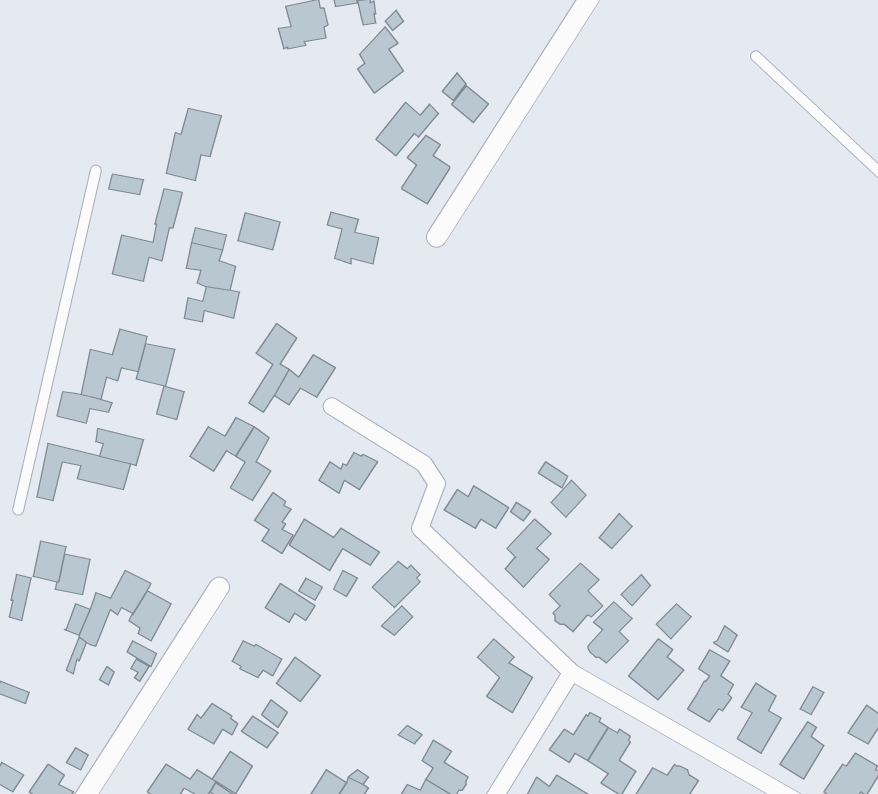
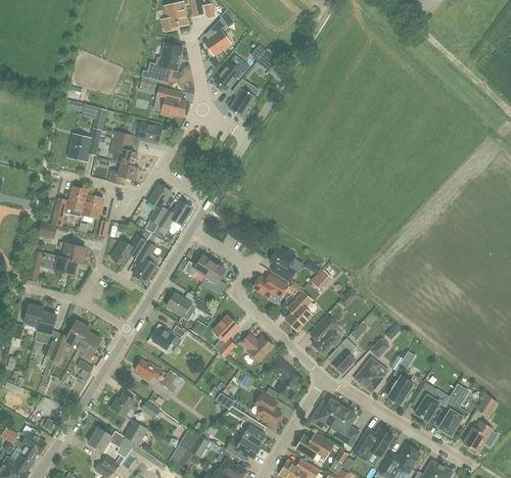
building: [166,109,221,181] -> [151,43,182,83]
building: [327,212,379,264] -> [156,87,185,115]
building: none -> [269,246,294,280]
building: [254,493,293,553] -> [204,259,226,293]
building: none -> [240,333,272,361]
building: none -> [254,392,280,425]

